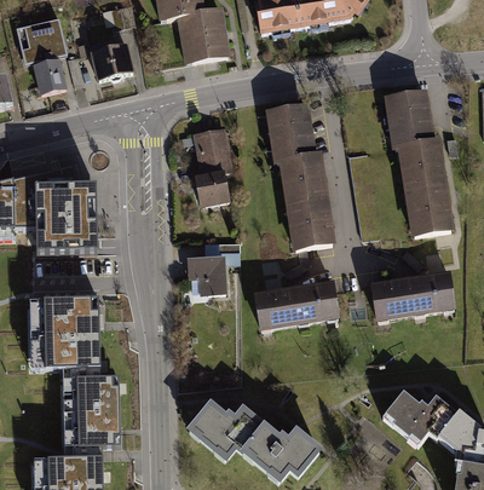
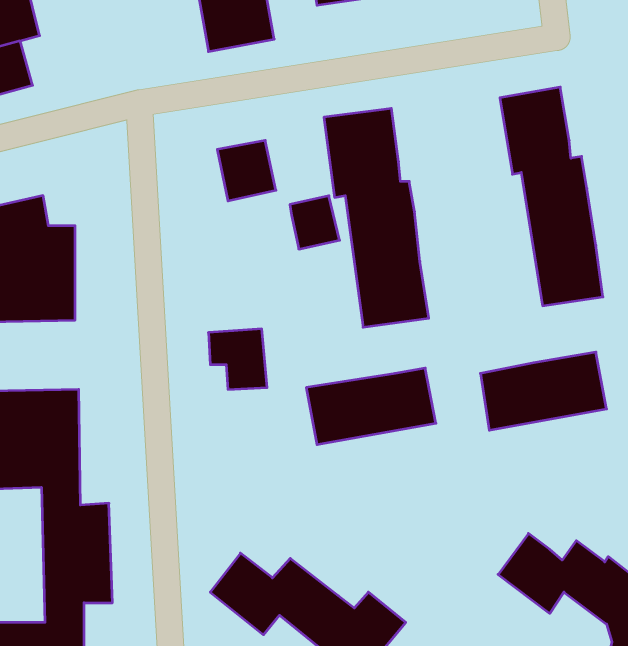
building: [87,41,134,80] -> none
building: [195,168,229,204] -> [290,196,340,249]

